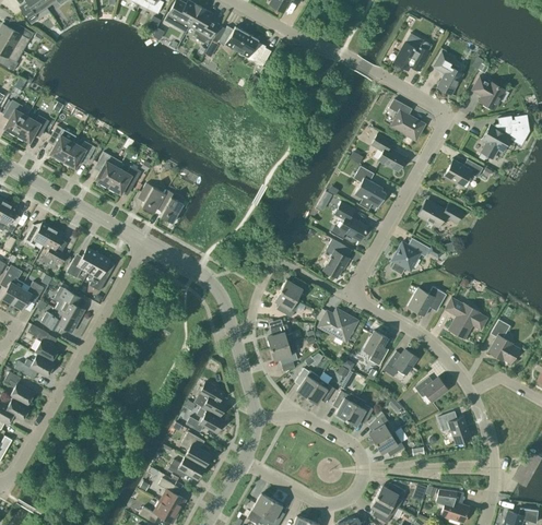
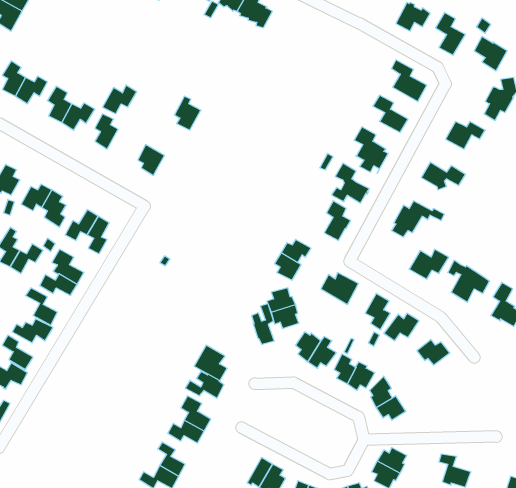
building: [107,165,141,193] -> [103,85,137,114]
building: [156,189,182,223] -> [174,96,201,130]
building: none -> [252,303,274,345]
building: [437,411,470,443] -> none

